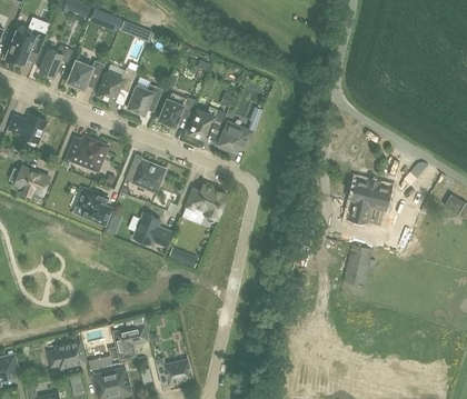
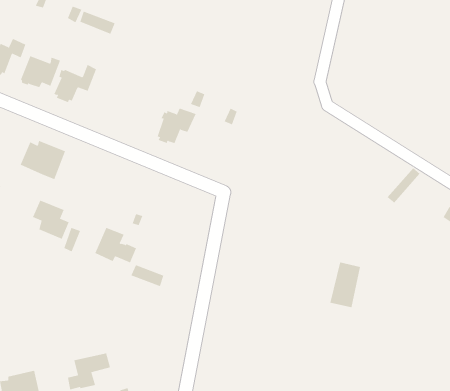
building: [127,83,161,113] -> none
building: [157,96,195,127] -> none
building: [217,121,251,151] -> none
building: [125,159,165,192] -> none
building: [347,179,389,222] -> none
building: [185,184,226,221] -> none

